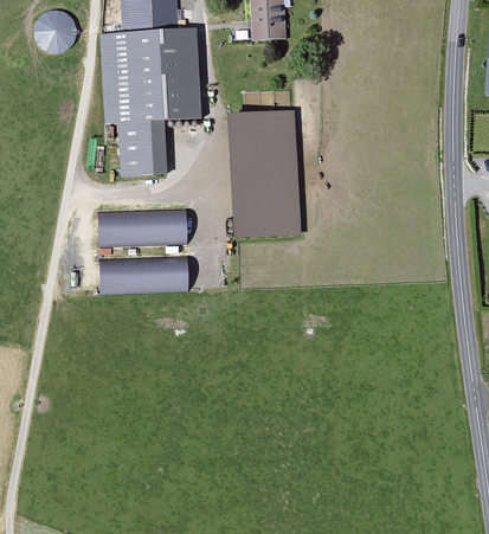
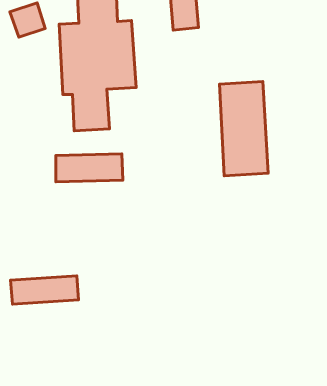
building: [236,99,301,226] -> [220,82,268,176]
building: [96,252,187,290] -> [11,276,78,304]

